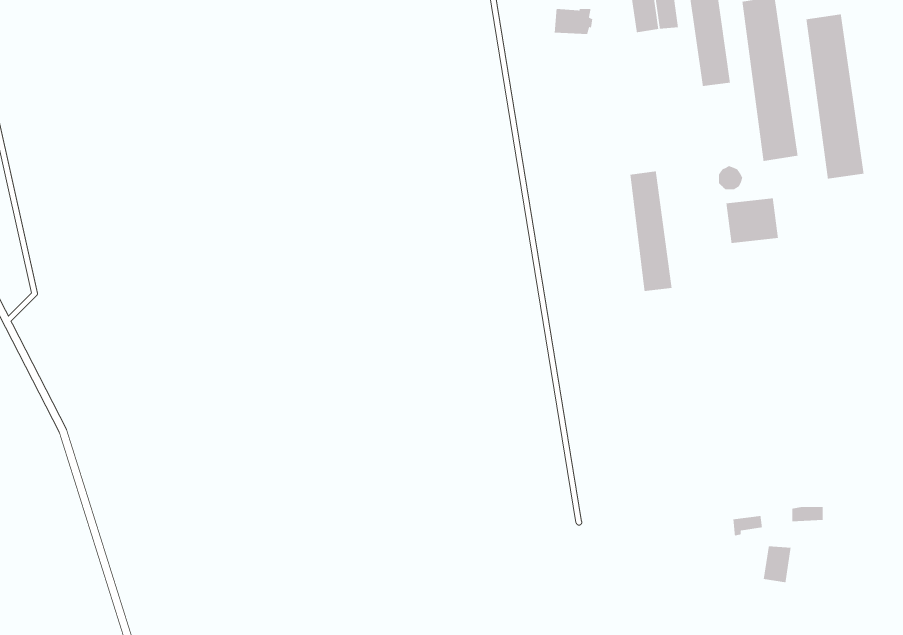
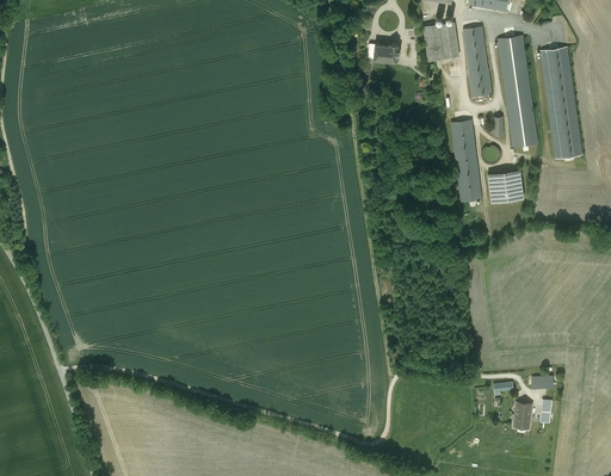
building: [630,171,672,292] -> [451,119,480,200]

